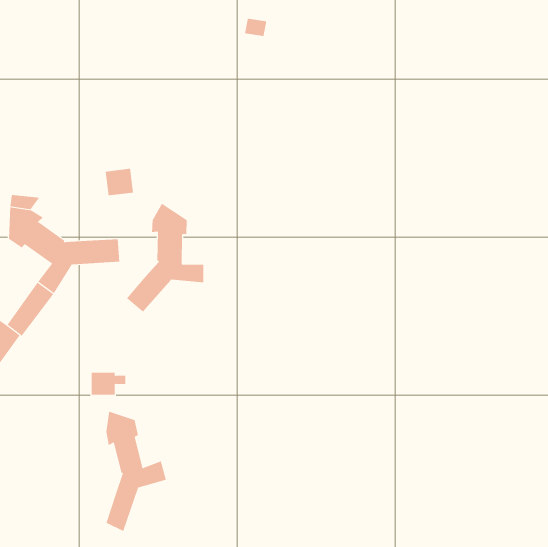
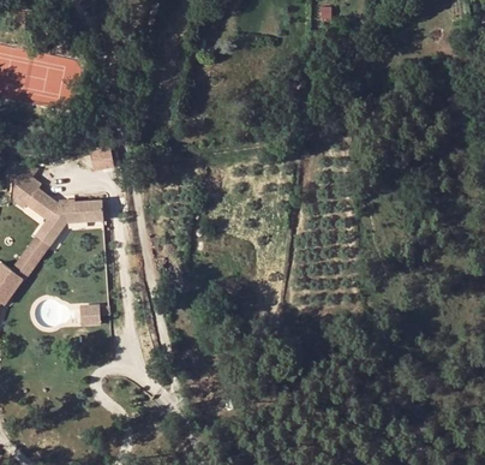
building: [126,203,204,312] -> none
building: [106,411,166,532] -> none

